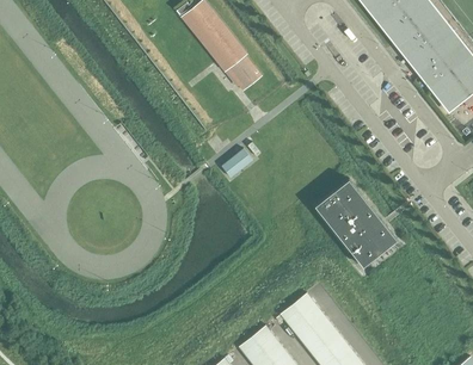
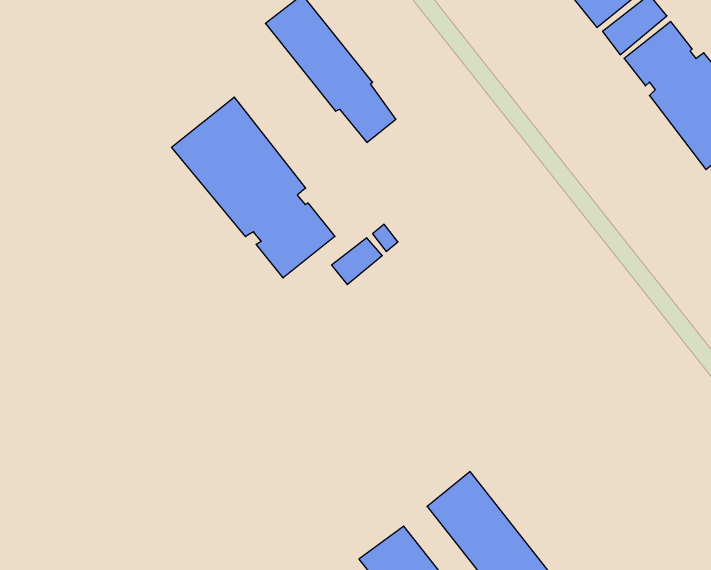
building: none -> [172,97,335,278]
building: [314,179,397,262] -> none

